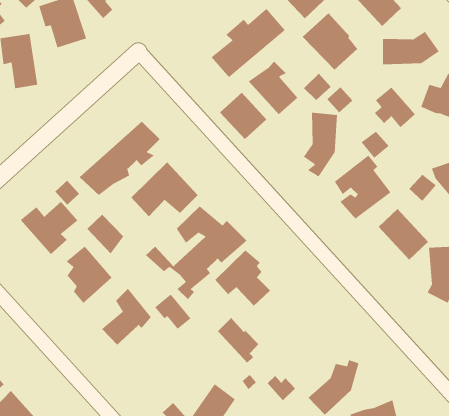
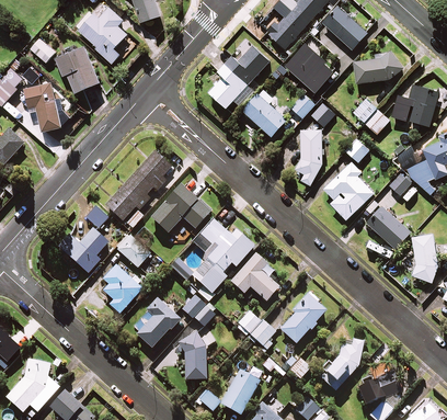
building: [219,92,267,140] -> none
building: none -> [279,293,326,343]
building: none -> [179,330,206,377]

